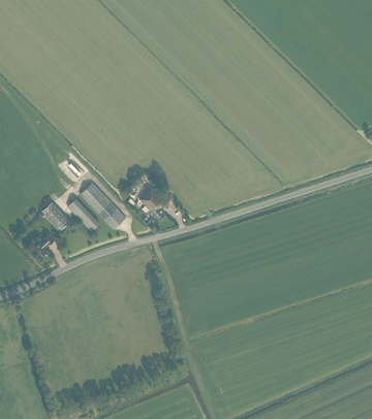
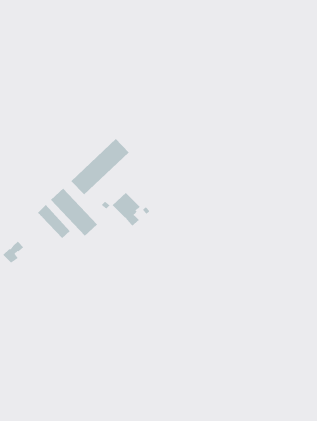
building: none -> [71,138,129,195]
building: [40,201,69,230] -> none

